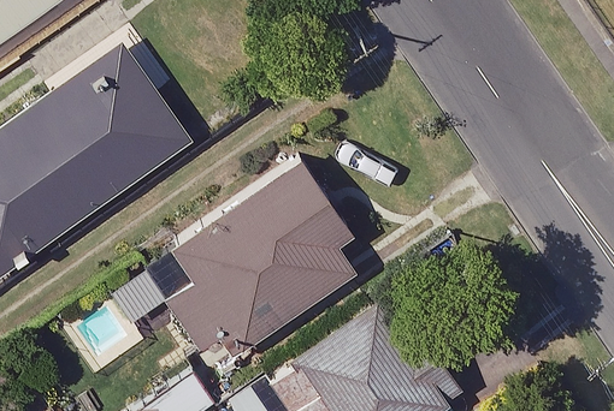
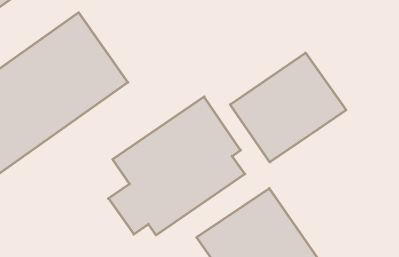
building: none -> [230,53,346,162]

